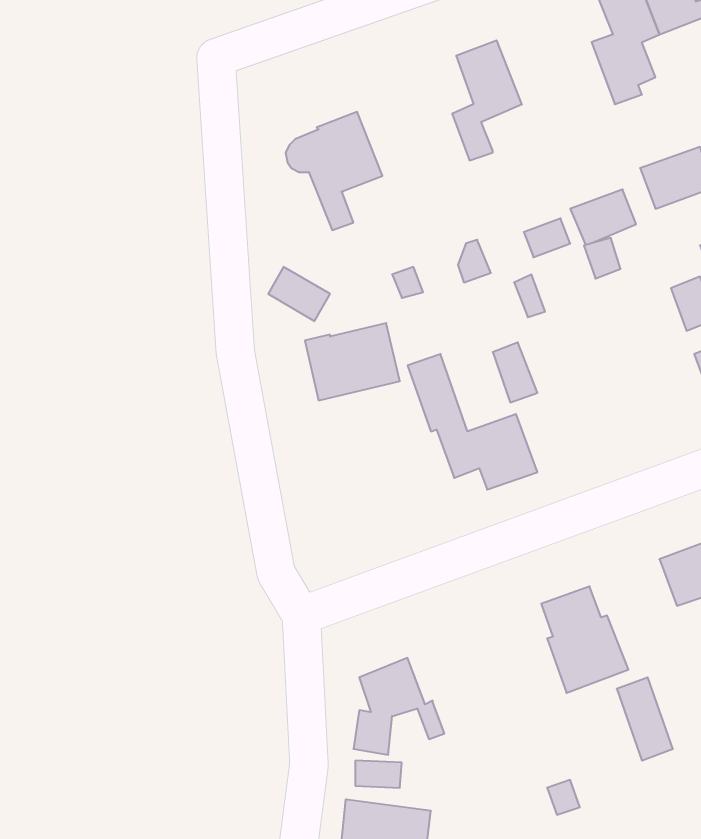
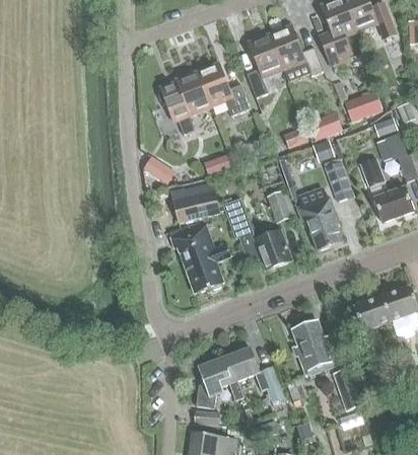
building: none -> [269,24,322,74]
building: none -> [196,62,250,113]
building: none -> [324,160,353,201]
building: none -> [296,196,342,250]
building: none -> [169,224,227,291]
building: none -> [222,347,284,400]

